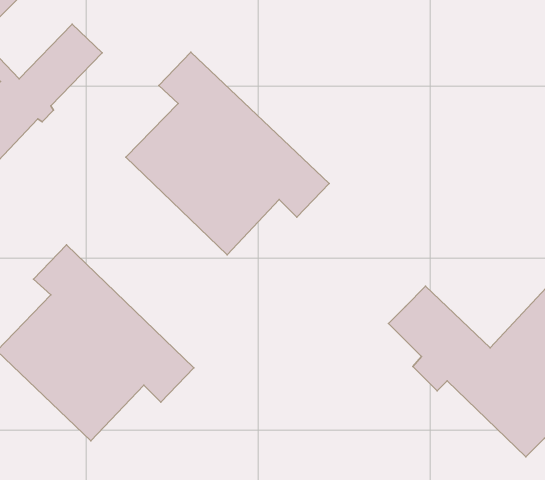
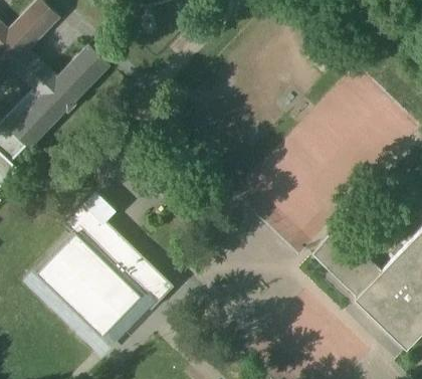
building: [126,52,329,255] -> none

